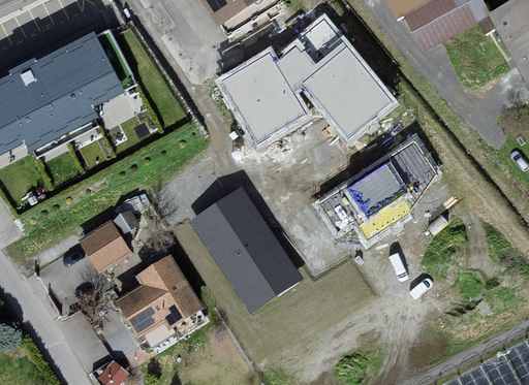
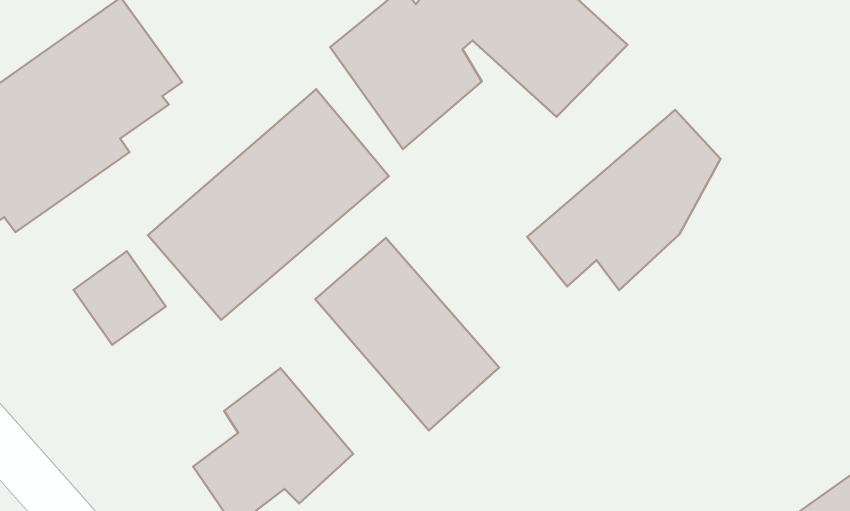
building: none -> [148,89,389,320]
building: [77,220,128,271] -> [73,251,166,345]

